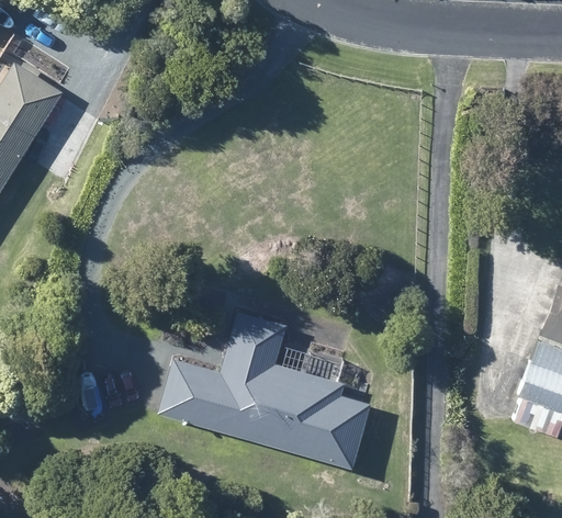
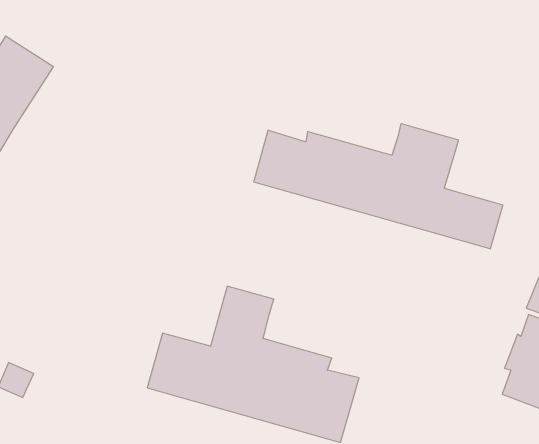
building: none -> [254,124,503,249]

